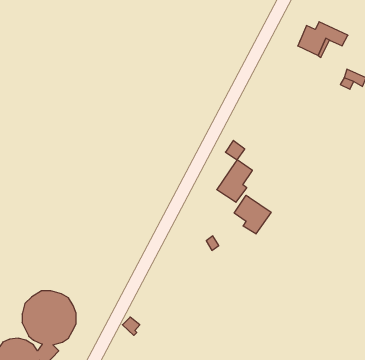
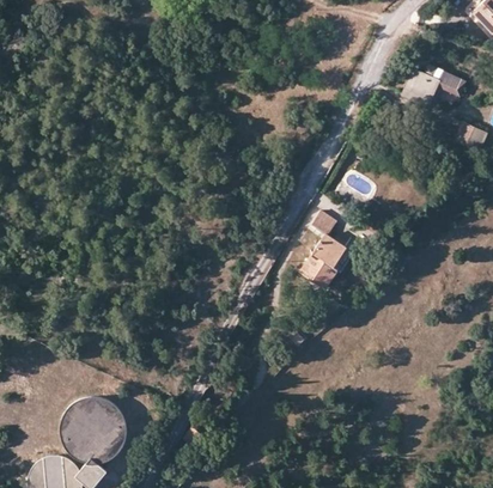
building: [234,195,271,234] -> none

